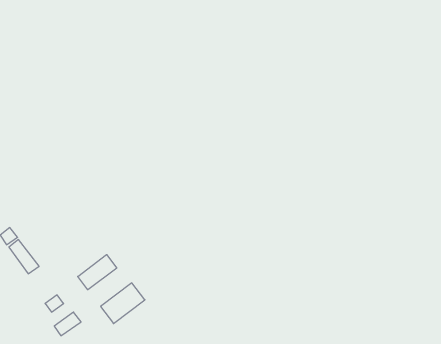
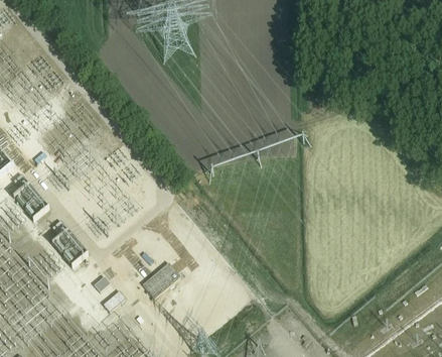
building: [78,255,117,290] -> none

